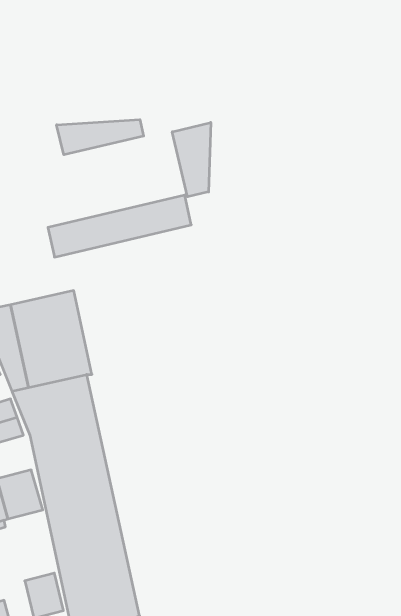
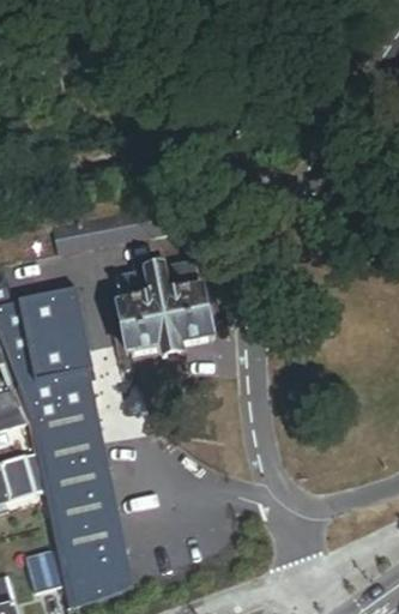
building: [57,120,144,155] -> none
building: [172,122,211,197] -> none
building: none -> [110,253,205,356]

